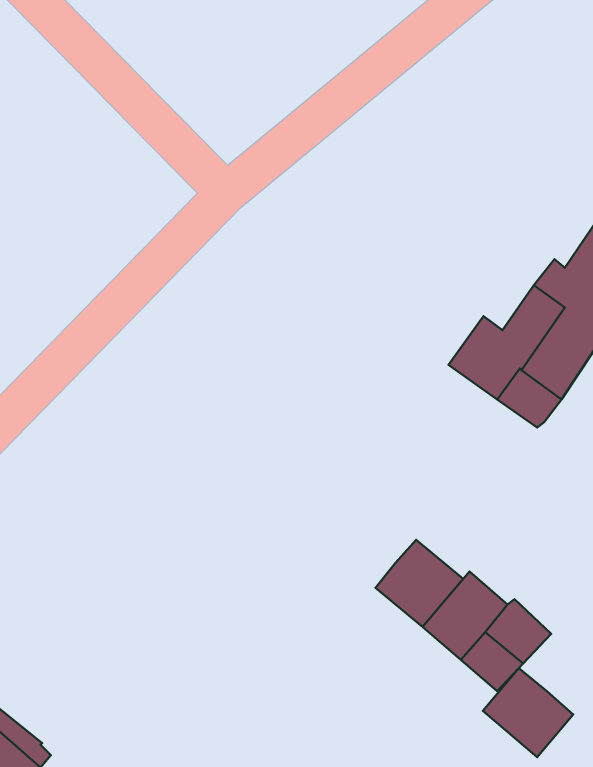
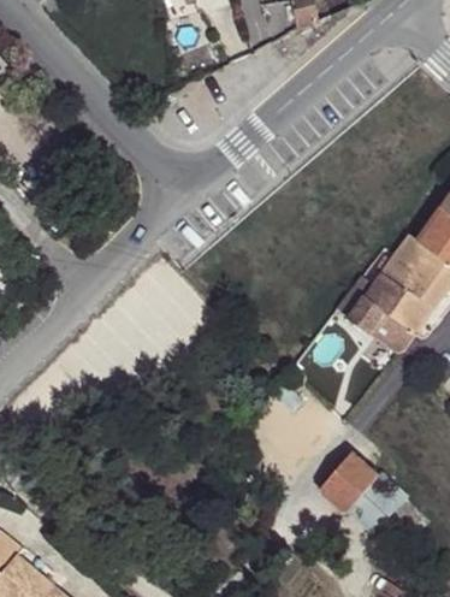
building: [375,540,463,627] -> none
building: [483,668,573,757] -> none

